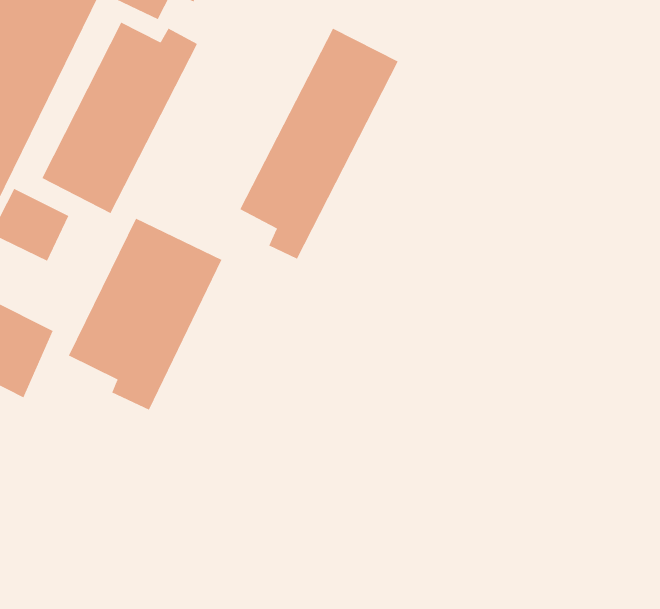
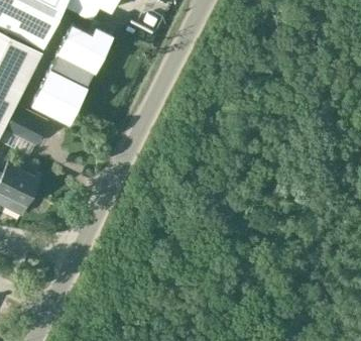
building: [239,28,398,260] -> none
building: [68,218,222,411] -> none

